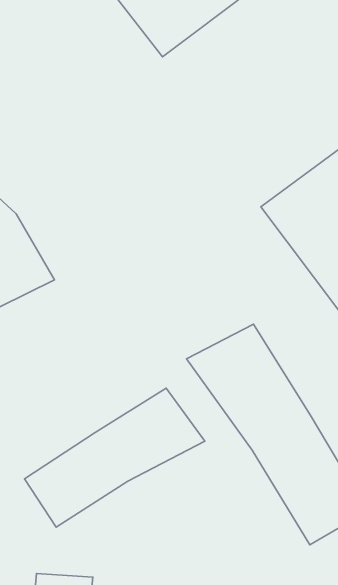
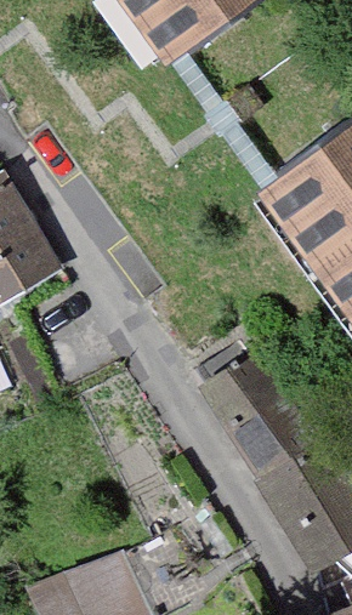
building: [24,388,205,527] -> none

